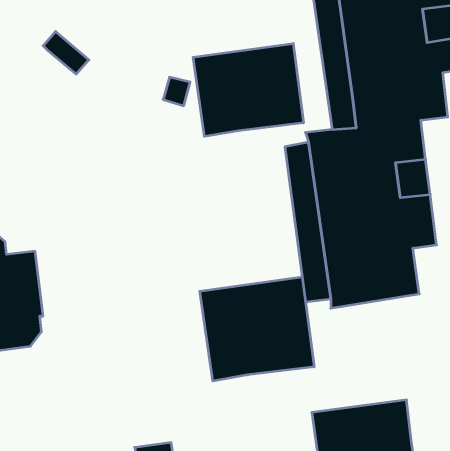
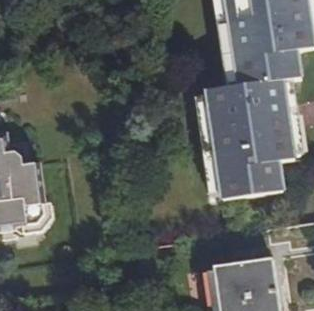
building: [193,43,303,136] -> none
building: [200,277,314,381] -> none

